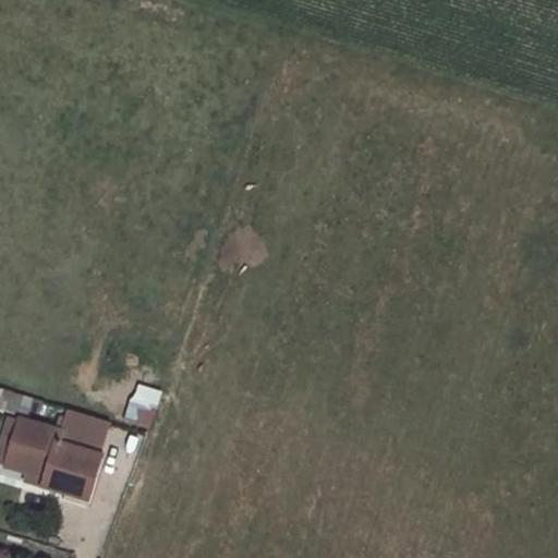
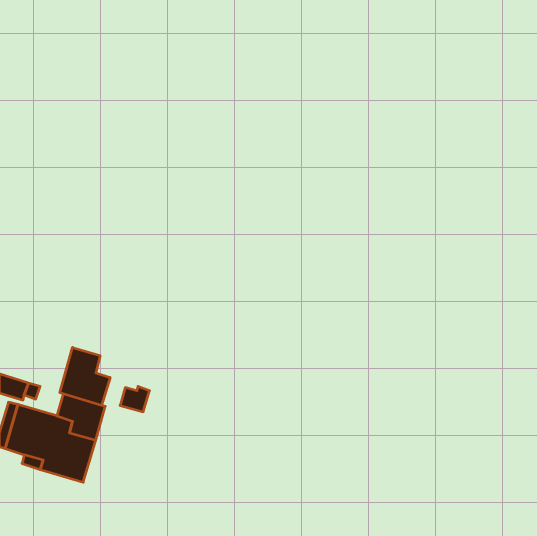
building: none -> [60,347,110,405]

